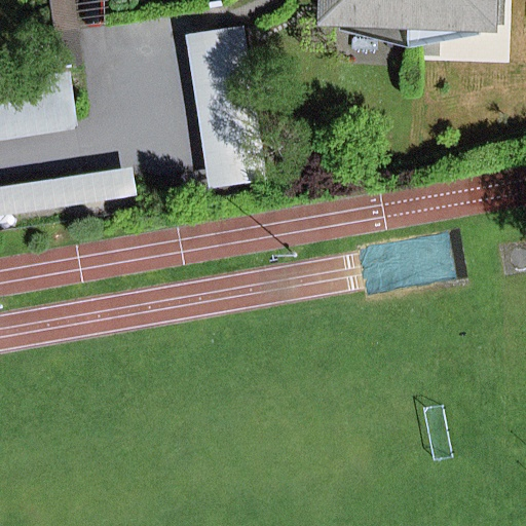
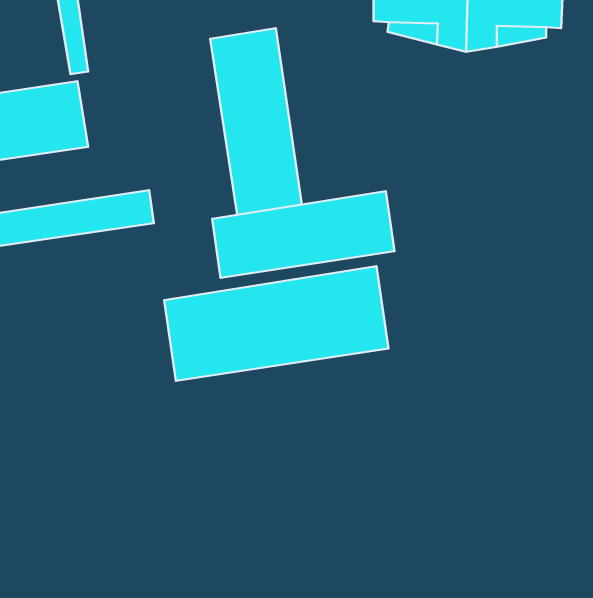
building: none -> [212,191,395,278]
building: none -> [164,266,388,381]

